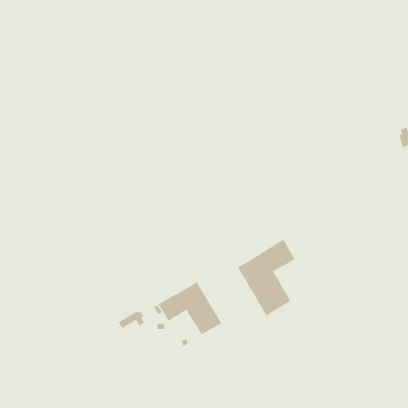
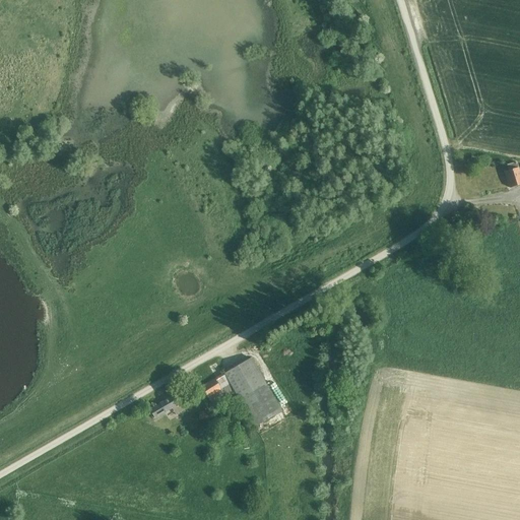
building: [237,239,296,316] -> none

